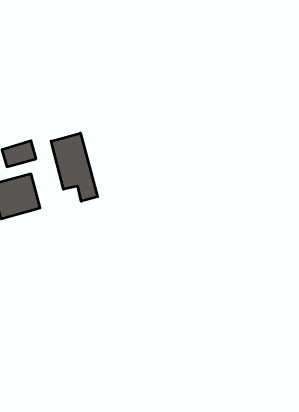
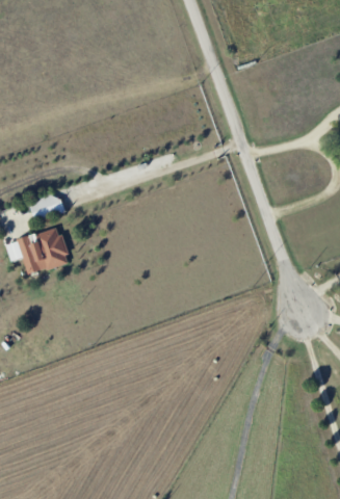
building: [51,133,98,201] -> none

